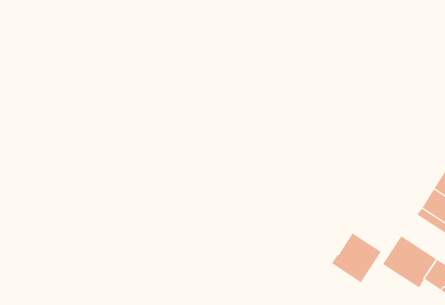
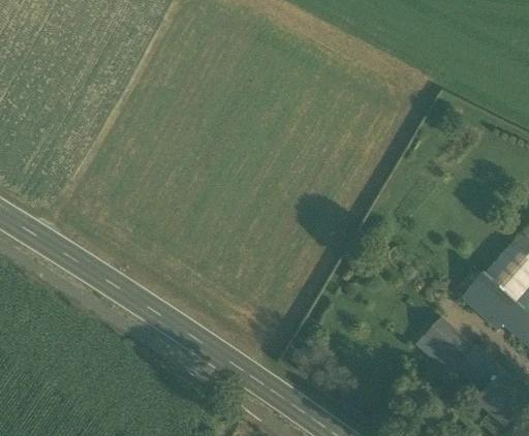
building: [331,233,381,283] -> none

